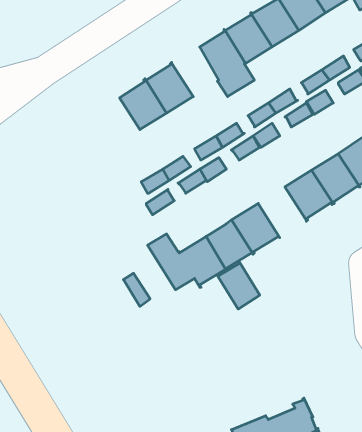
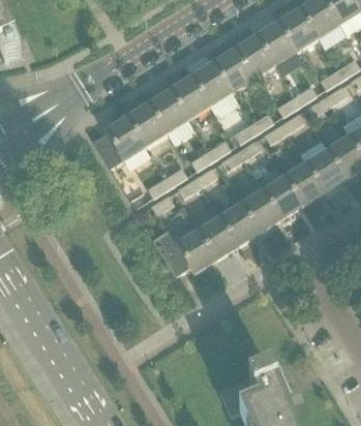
building: none -> [173,75,211,117]
building: none -> [95,116,147,165]
building: none -> [243,190,281,232]
building: [217,261,260,309] -> none

